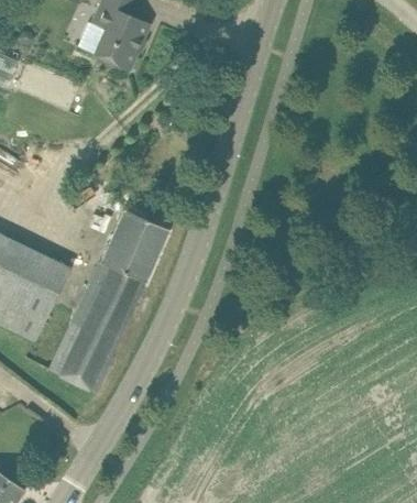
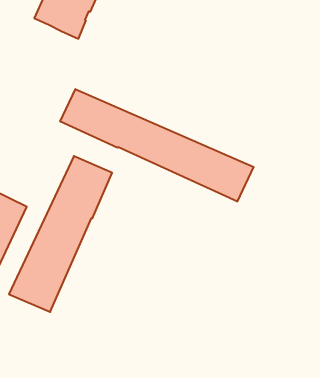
building: none -> [60,89,254,202]

